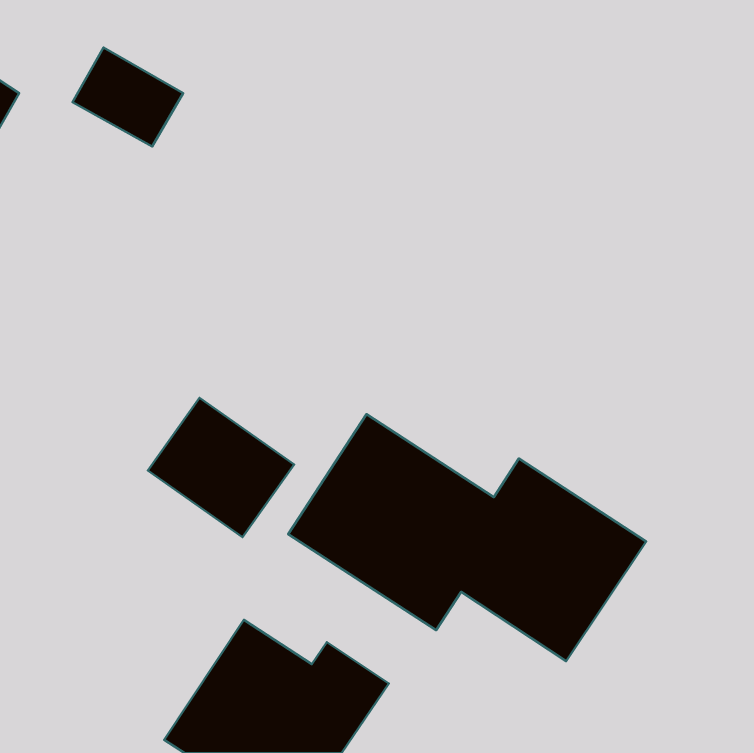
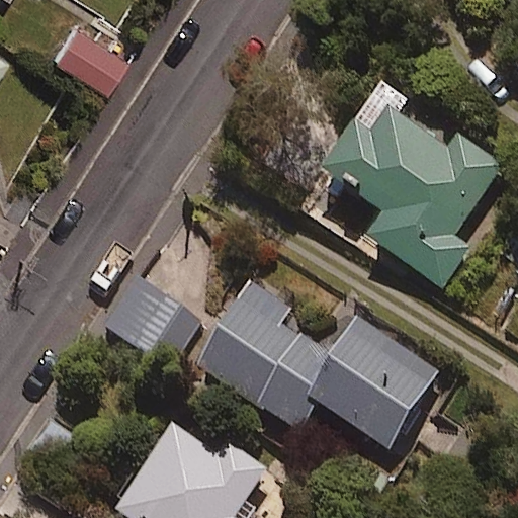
building: none -> [313,102,507,286]

